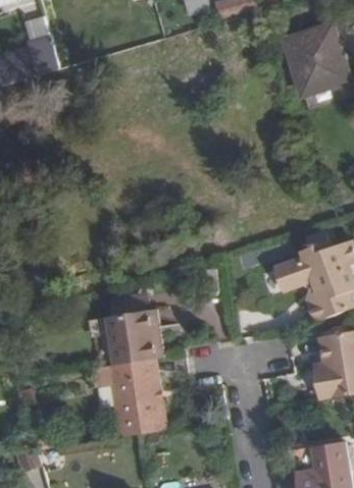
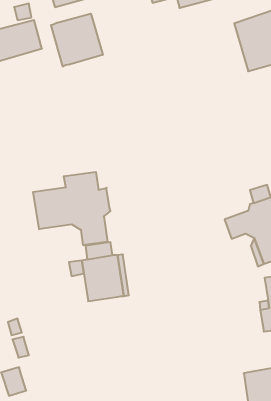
building: none -> [51,14,103,67]
building: none -> [33,172,110,245]
building: [105,360,162,436] -> none

